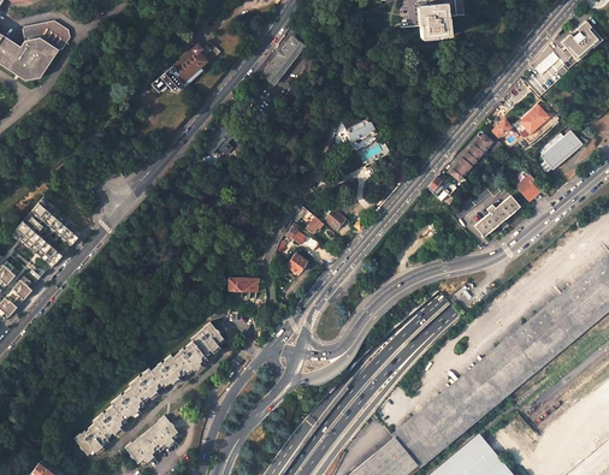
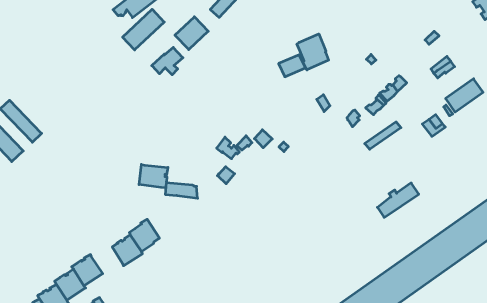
building: none -> [123,9,164,50]
building: none -> [175,17,208,50]
building: none -> [297,34,329,70]
building: [474,195,520,237] -> [377,183,419,217]
building: none -> [139,164,168,188]
building: [150,354,187,390] -> none

